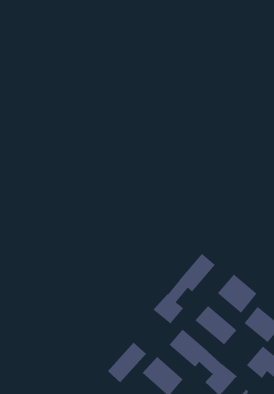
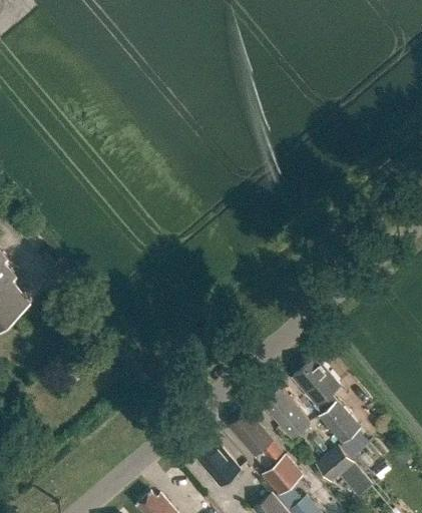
building: [153,253,216,325] -> none
building: [107,342,147,383] -> none

